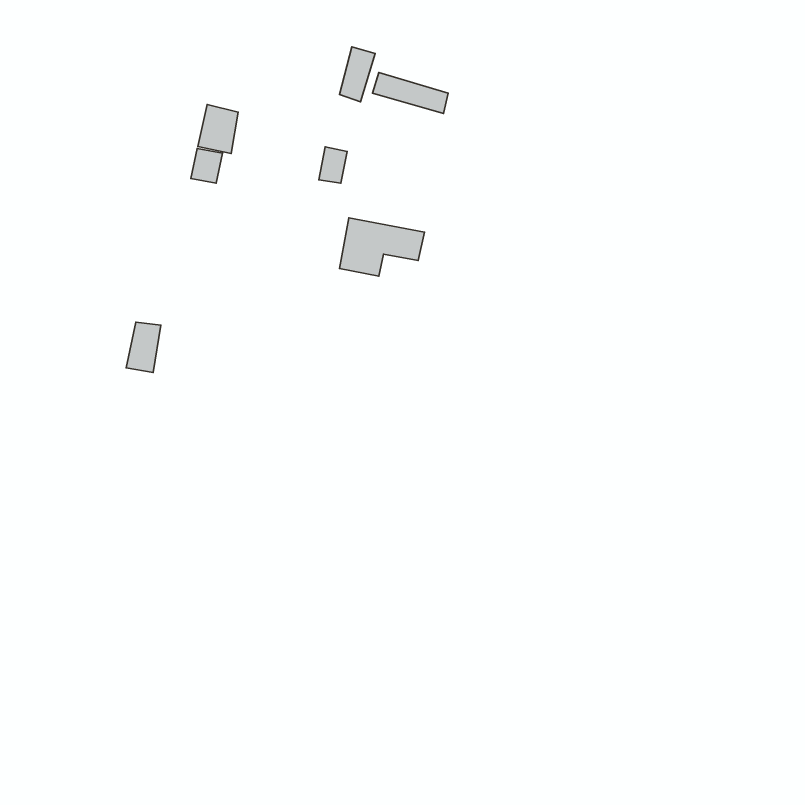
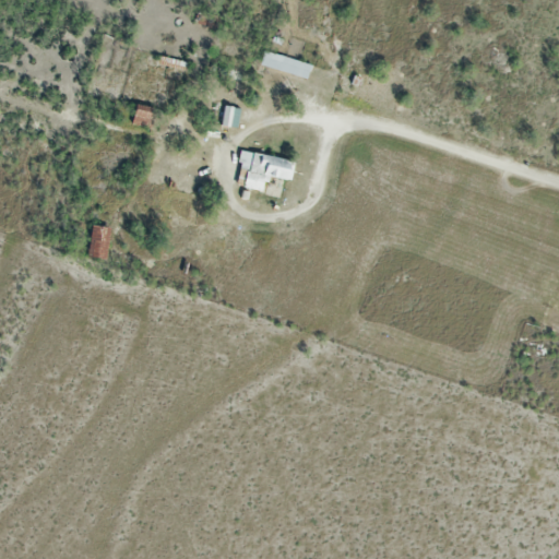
building: [339,47,375,102] -> none
building: [198,105,238,153] -> none

